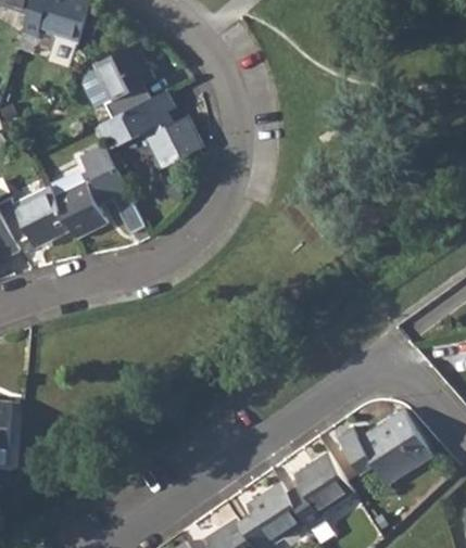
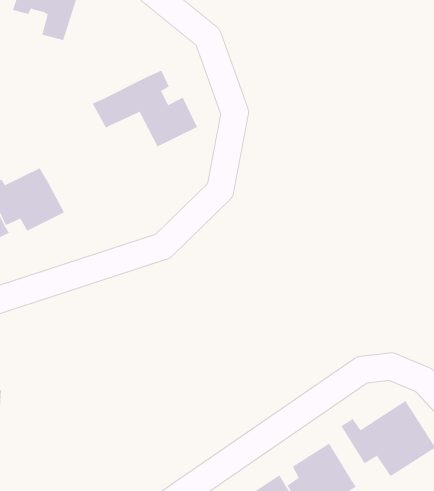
building: [93,42,155,118] -> none
building: [55,143,146,238] -> none

